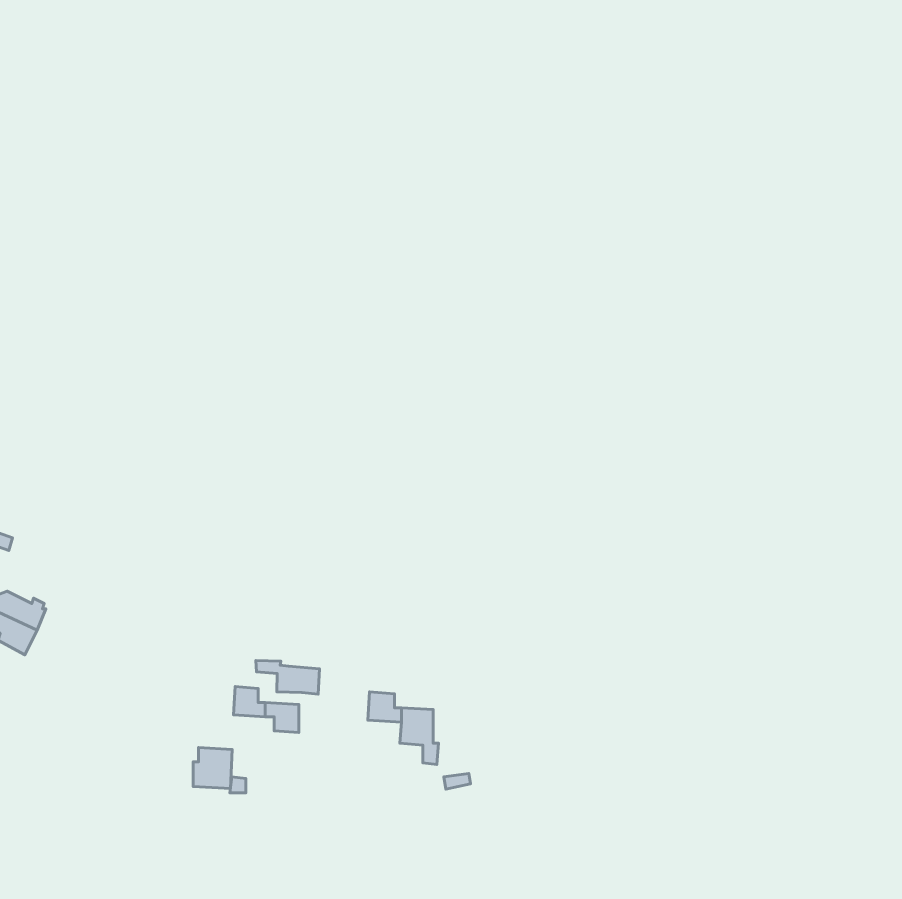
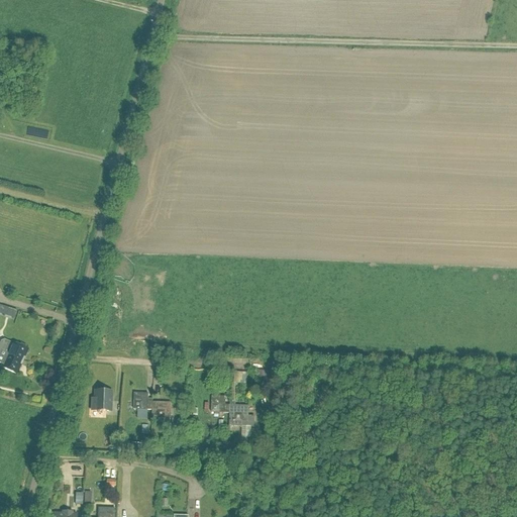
building: [256,660,319,694] -> none
building: [193,748,232,788] -> [90,388,112,411]

